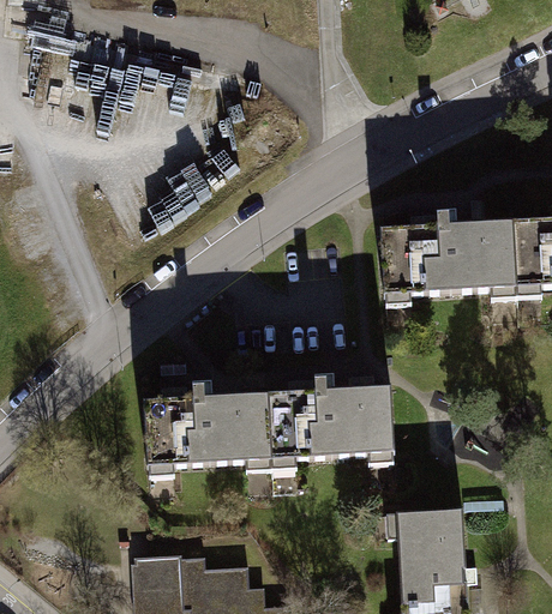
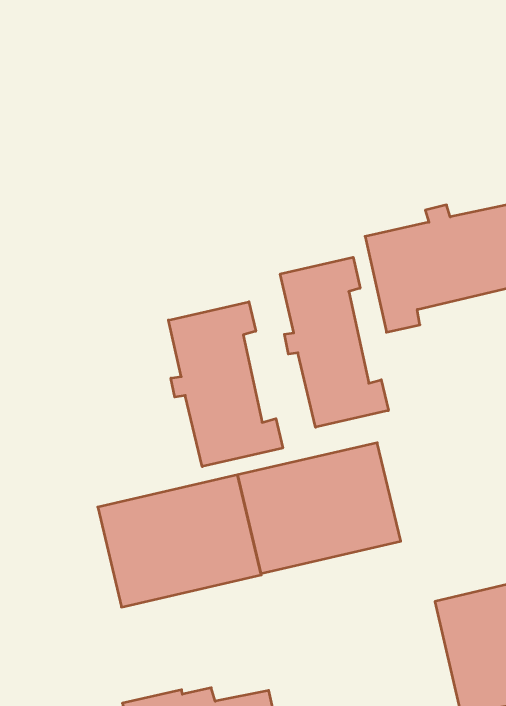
building: none -> [280,257,388,427]
building: none -> [168,302,283,467]

